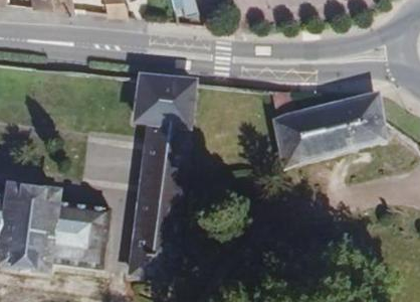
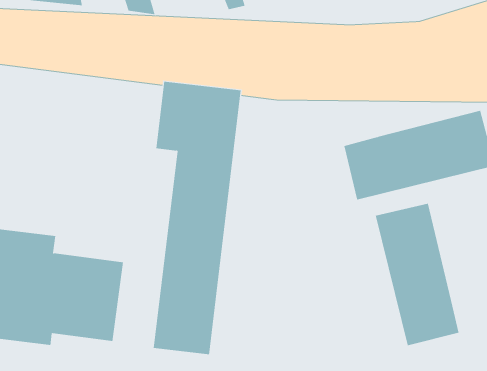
building: none -> [375,203,459,346]

